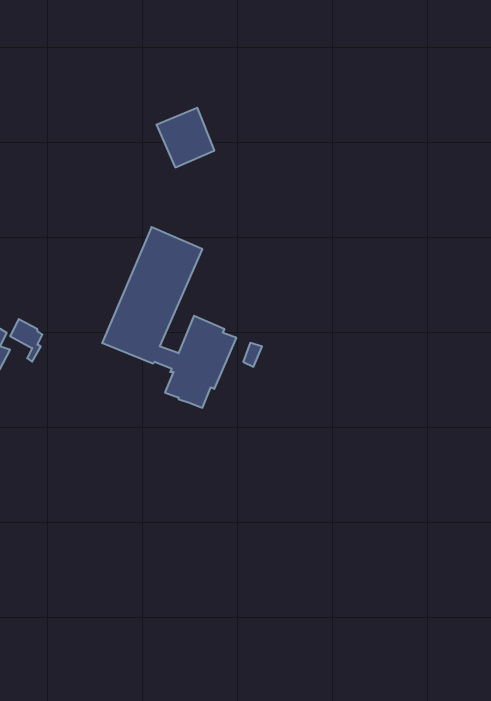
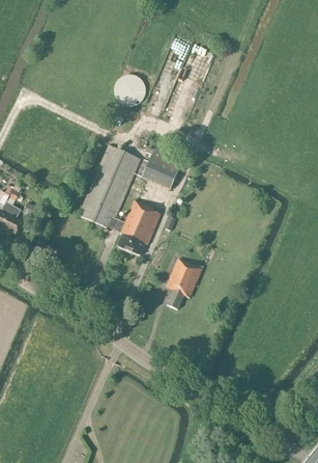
building: none -> [138,147,183,190]
building: none -> [166,258,203,309]

